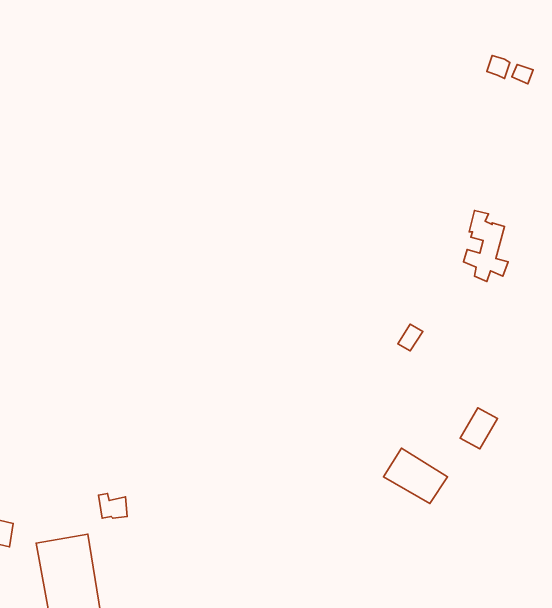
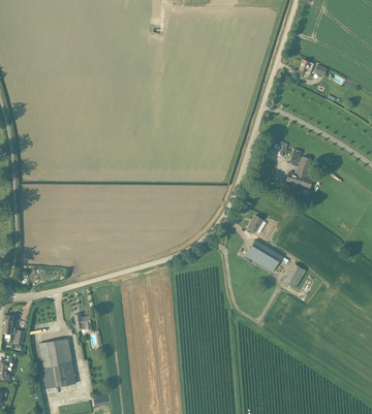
building: [384,448,448,503] -> [245,240,282,272]

